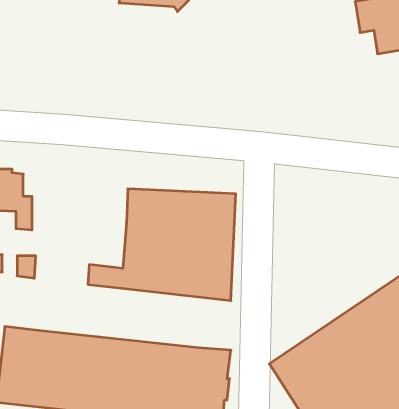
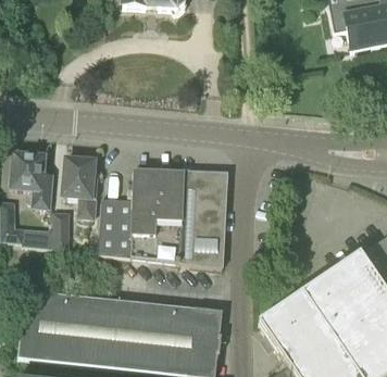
building: none -> [63,160,97,217]
building: none -> [100,198,133,239]
building: none -> [52,211,70,249]

